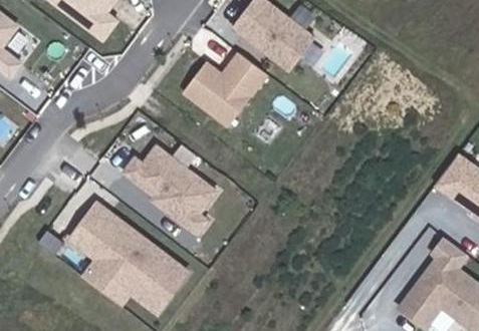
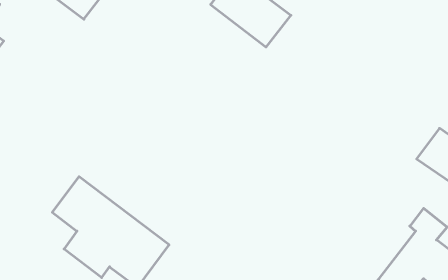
building: [181,52,266,127] -> none
building: [122,144,216,235] -> none

